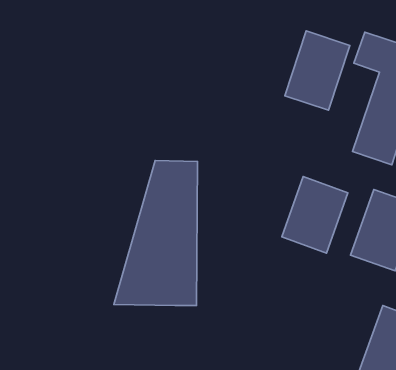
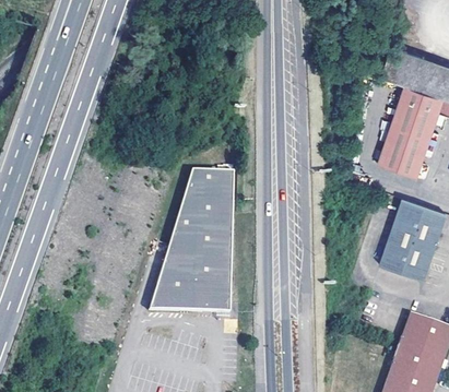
building: [285,31,350,110] -> none
building: [282,177,348,253] -> none

